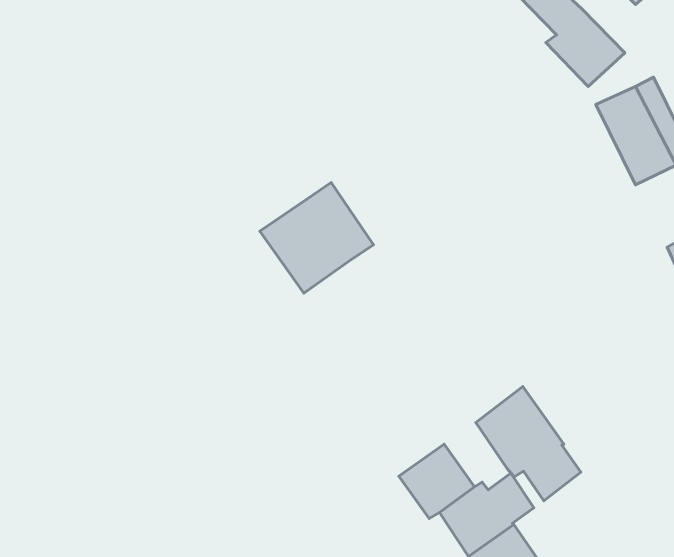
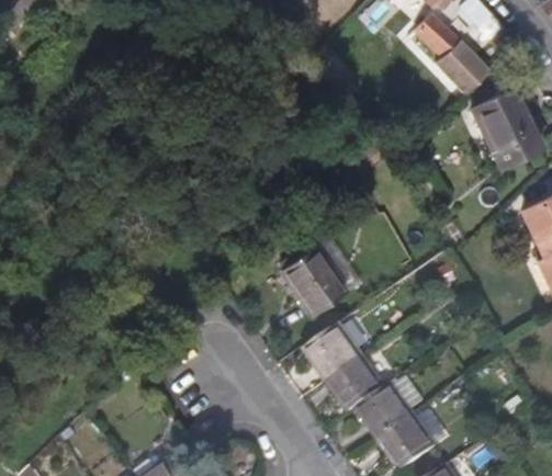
building: [260,183,374,293] -> [277,235,359,315]
building: [476,386,581,501] -> none
building: none -> [304,324,360,377]

